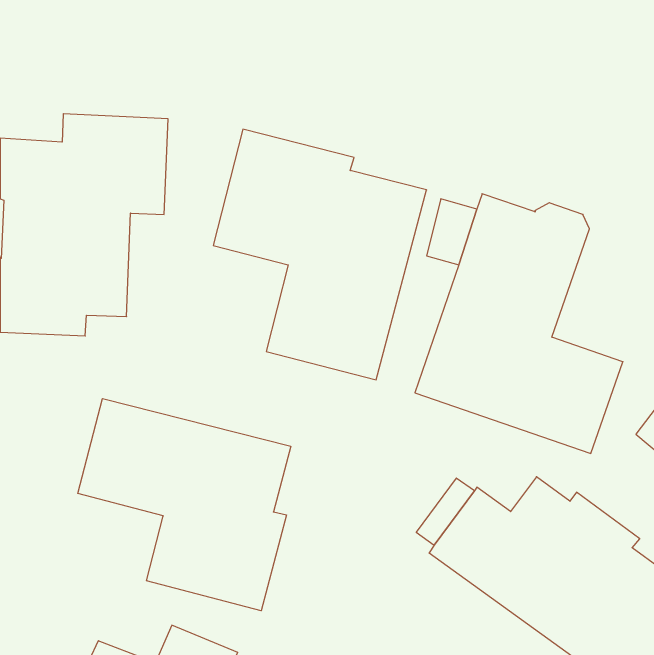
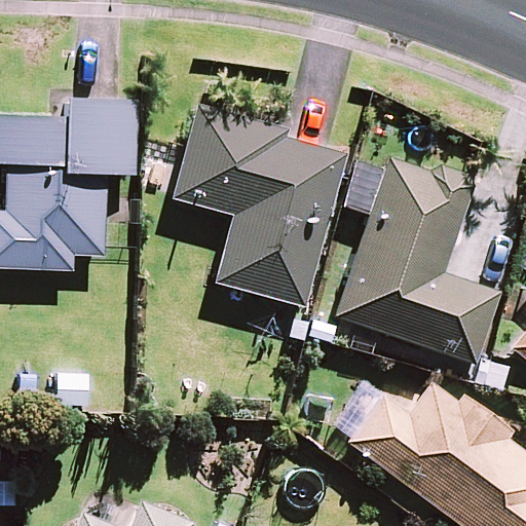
building: [78,399,291,611] -> none

